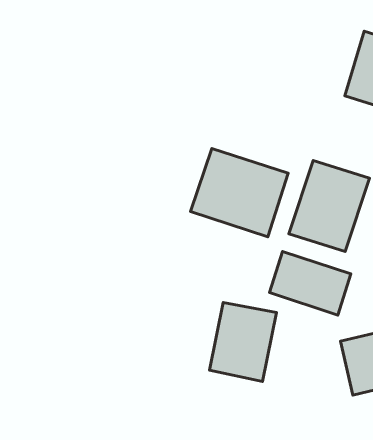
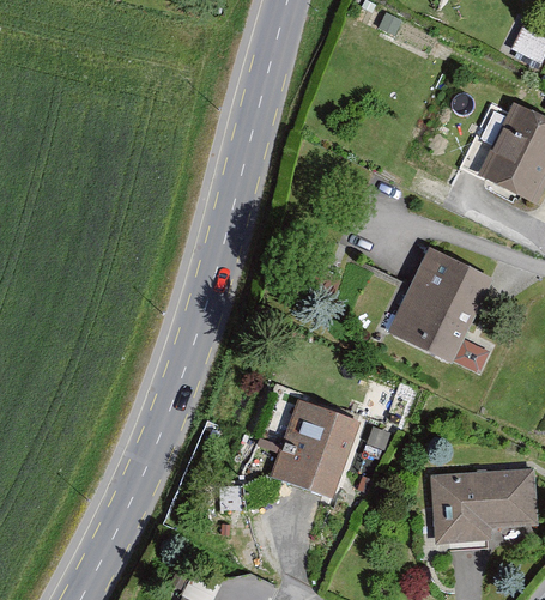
building: [190,148,288,237] -> none
building: [270,252,351,315] -> none

